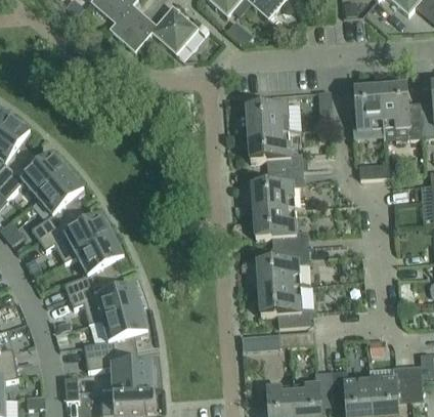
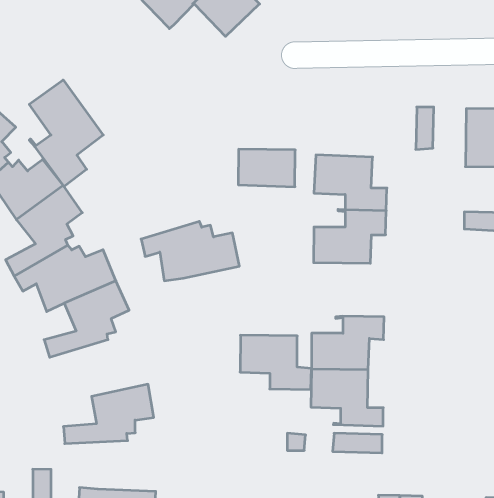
building: none -> [29,80,103,186]
building: [246,102,289,131] -> [238,149,295,187]
building: [253,206,307,246] -> [240,335,311,390]
building: [69,278,141,323] -> [141,221,239,281]
building: [85,349,154,386] -> none

